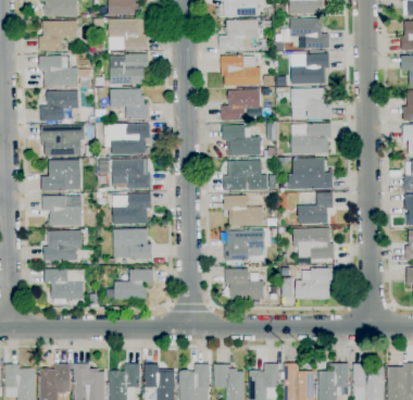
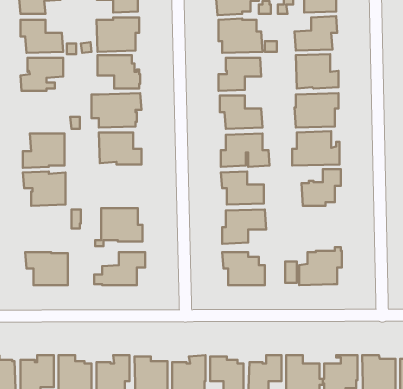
building: [40,125,85,155] -> none
building: [112,193,151,224] -> none
building: [293,228,334,258] -> none
building: [43,229,82,261] -> none

